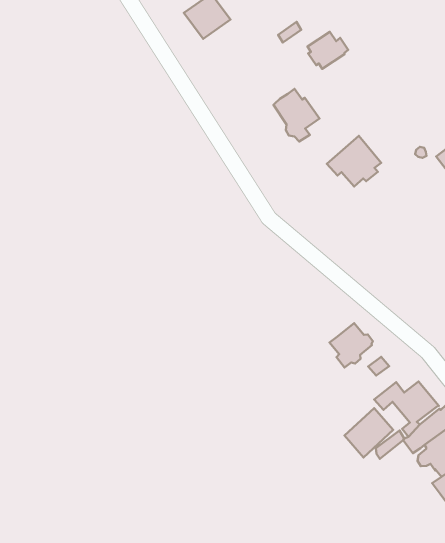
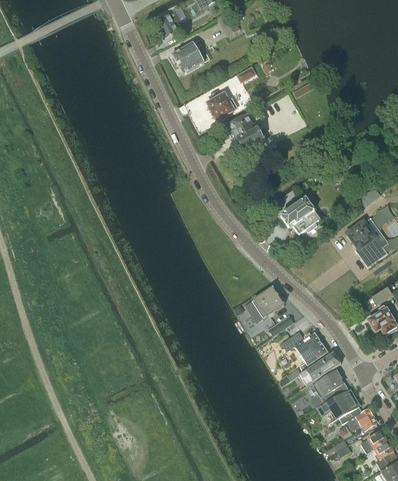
building: [308,32,348,69] -> [207,92,236,118]
building: [327,136,381,186] -> [280,197,319,233]
building: [344,408,393,457] -> none

